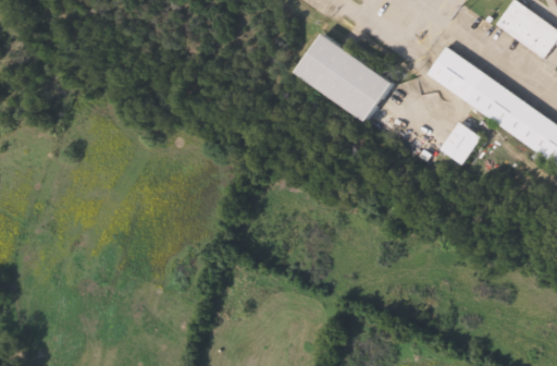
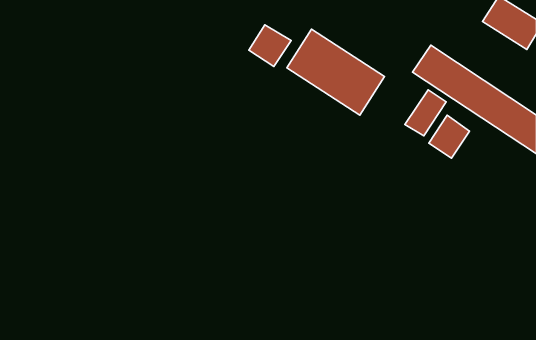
building: none -> [249,25,291,66]
building: none -> [405,90,446,136]

